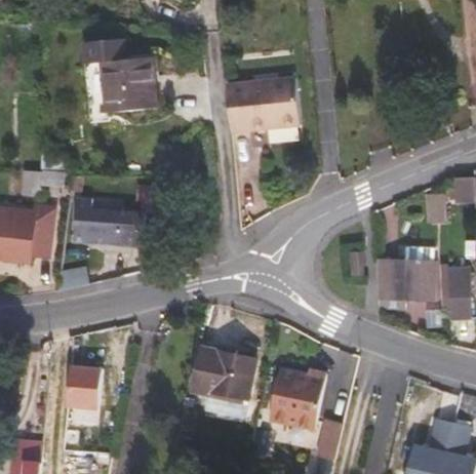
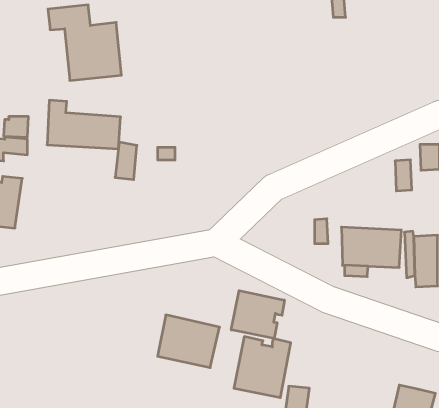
building: [227,77,301,132] -> none
building: [73,198,146,246] -> [47,100,121,149]
building: none -> [231,291,284,338]
building: [66,365,100,408] -> none

